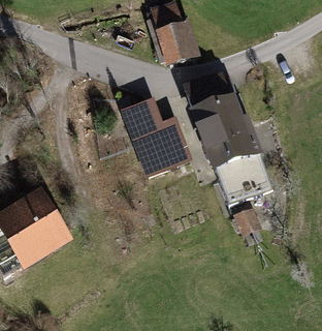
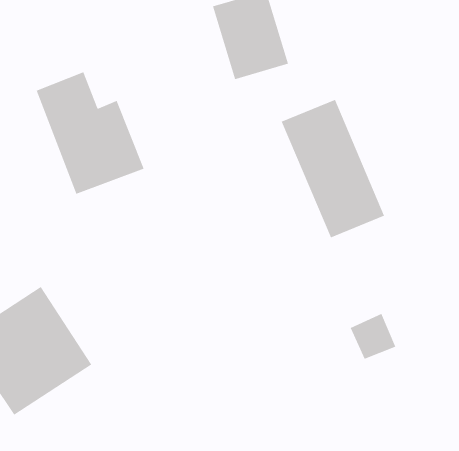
building: [123,98,193,178] -> [36,71,144,195]
building: [217,161,272,208] -> none

